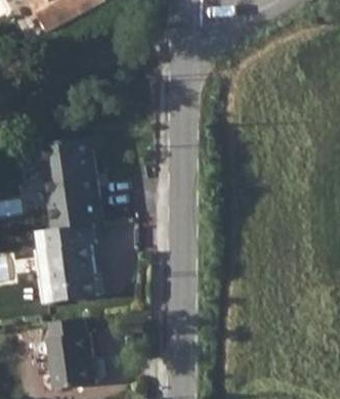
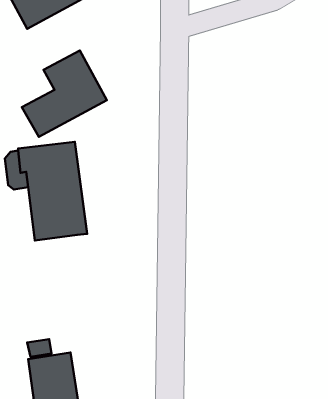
building: none -> [22,51,107,137]
building: [36,222,94,300] -> none

